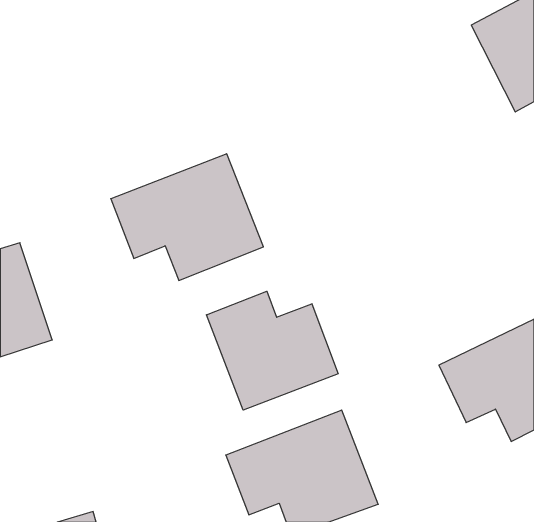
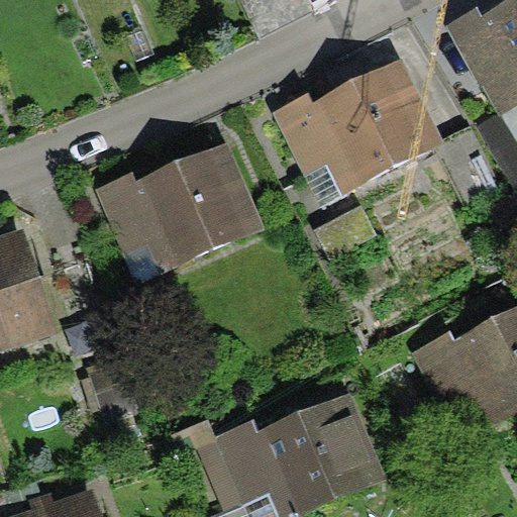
building: none -> [279,63,429,188]
building: [206,291,338,410] -> none

